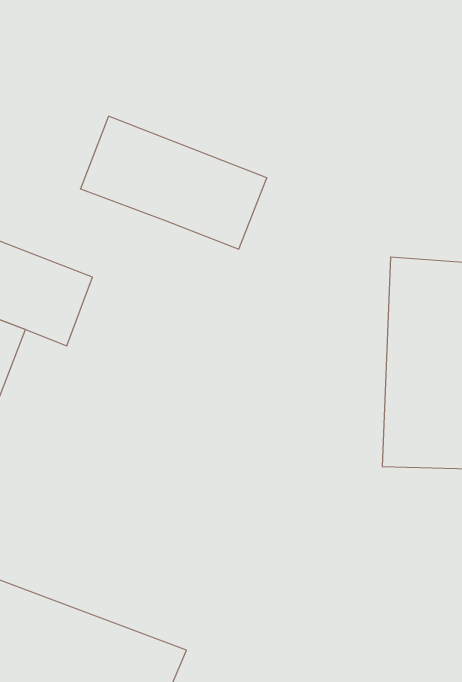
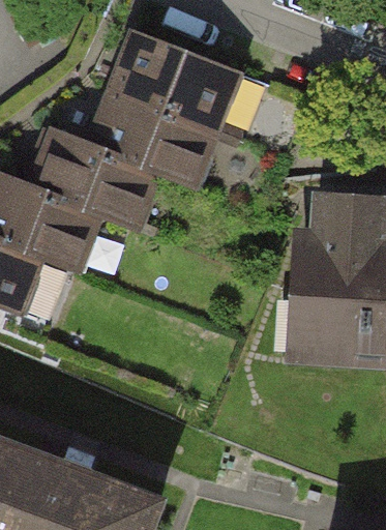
building: none -> [103,35,247,138]
building: none -> [25,131,148,228]

